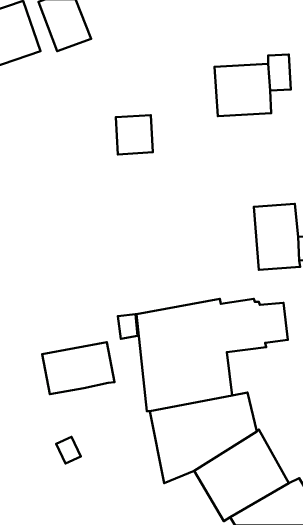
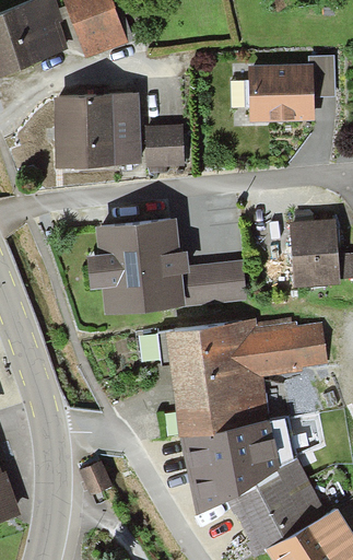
building: none -> [55,92,143,166]
building: none -> [89,221,245,310]
building: [42,342,114,394] -> none

